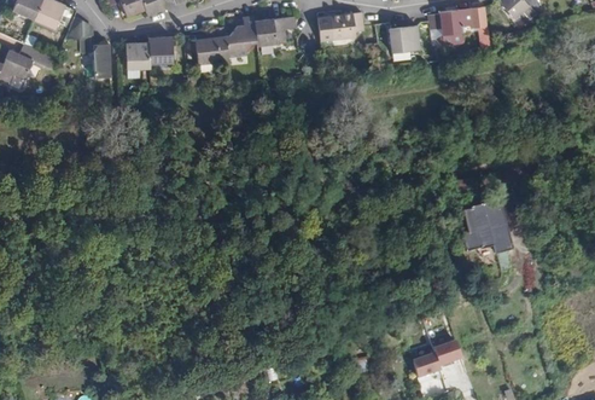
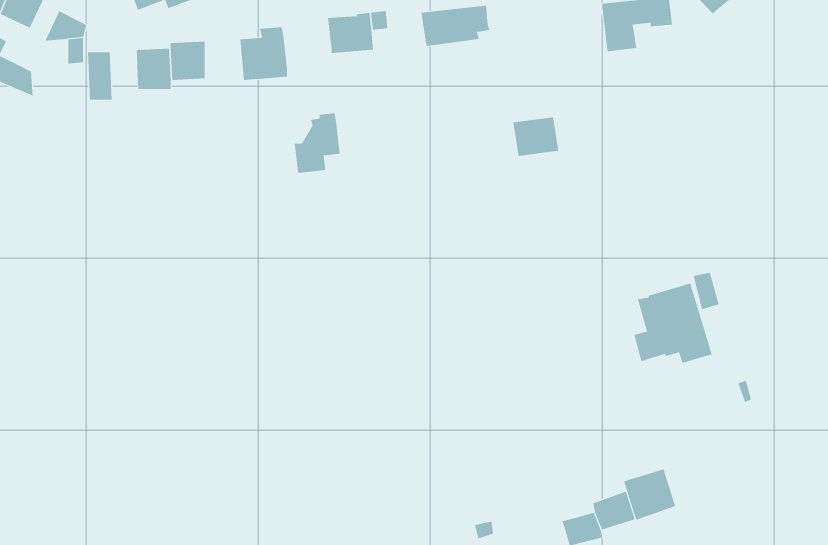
building: [226,15,257,56] -> [294,113,340,174]
building: [389,25,420,52] -> [513,117,559,156]
building: none -> [624,468,676,521]

